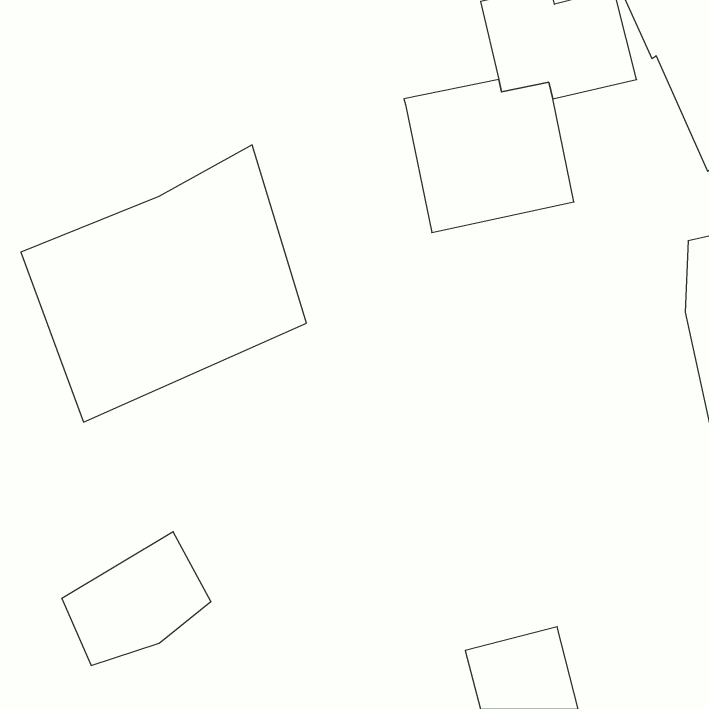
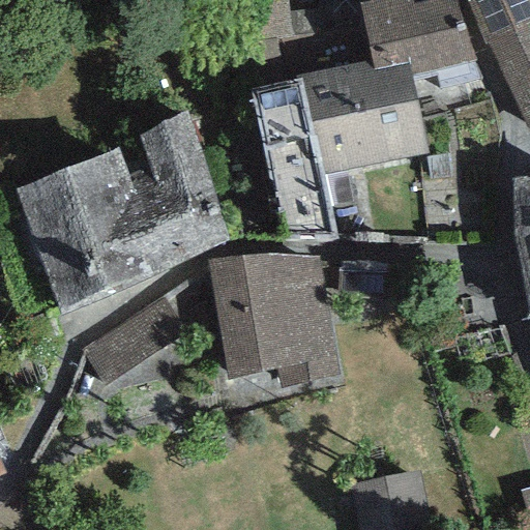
building: none -> [253,78,336,240]
building: none -> [209,252,344,387]
building: [62,532,211,665] -> [85,297,196,396]

